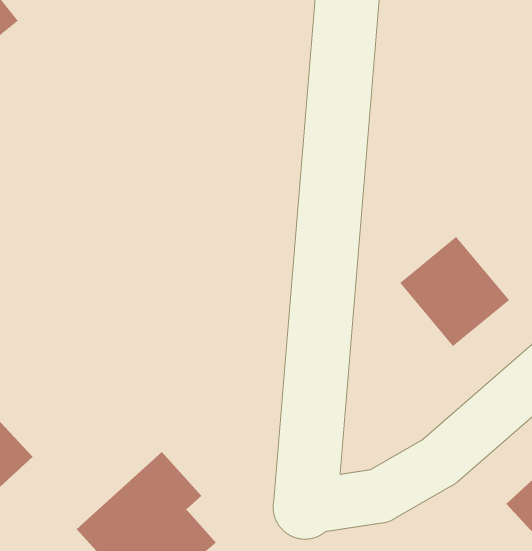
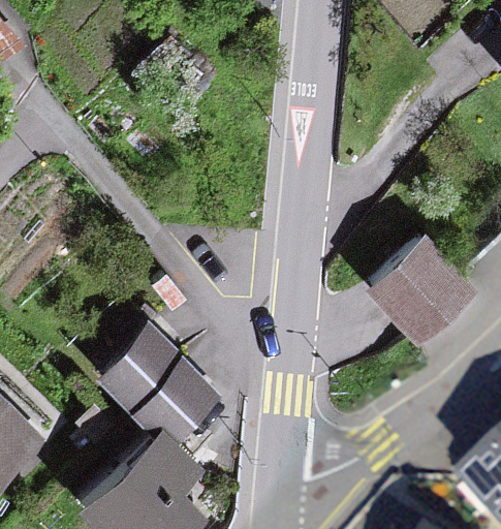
building: none -> [108,329,215,436]

